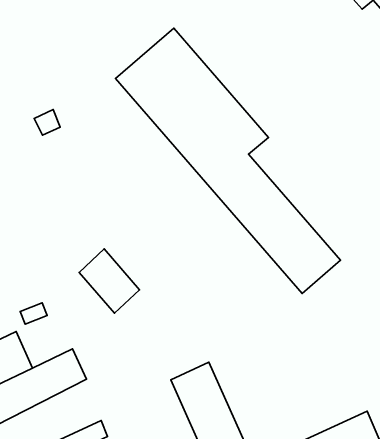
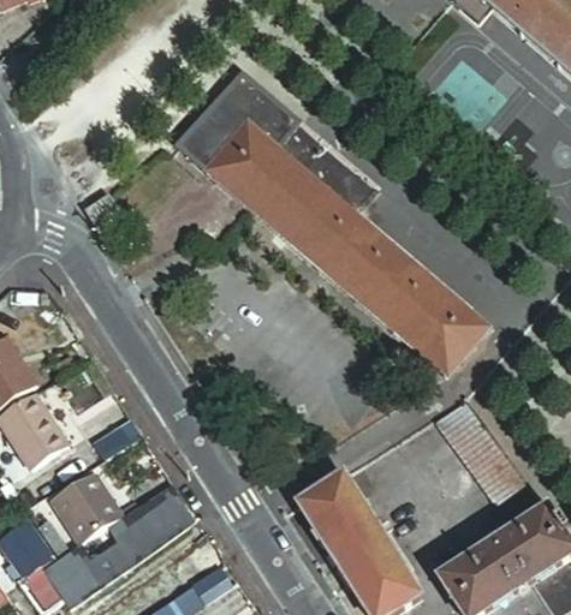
building: [79,249,139,313] -> none
building: none -> [433,401,527,503]

